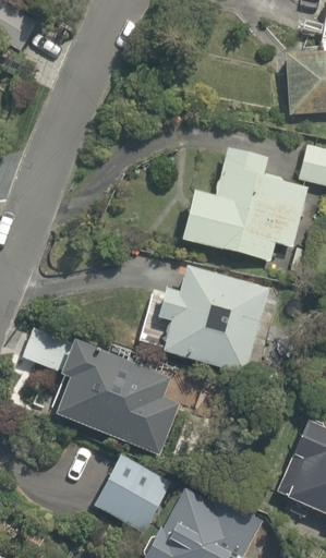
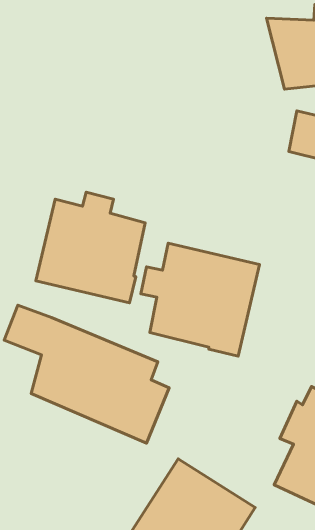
building: [177,147,311,262] -> none
building: none -> [36,192,145,303]
building: [92,450,173,532] -> none

